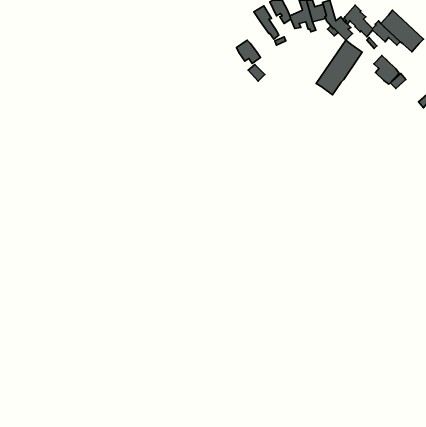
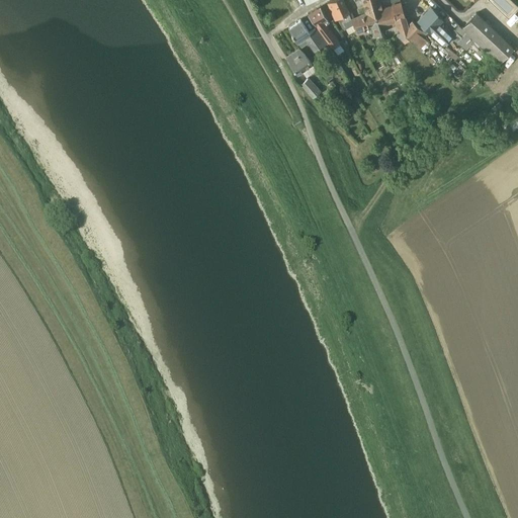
building: none -> [287,19,328,52]
building: [316,40,362,95] -> none
building: [374,56,399,84] -> none

